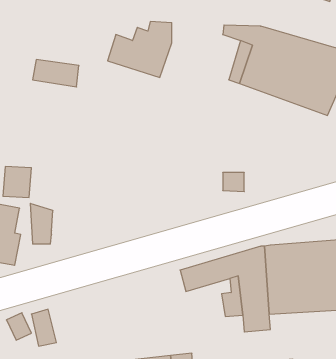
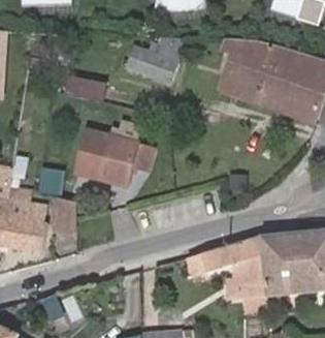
building: none -> [82,131,141,185]

